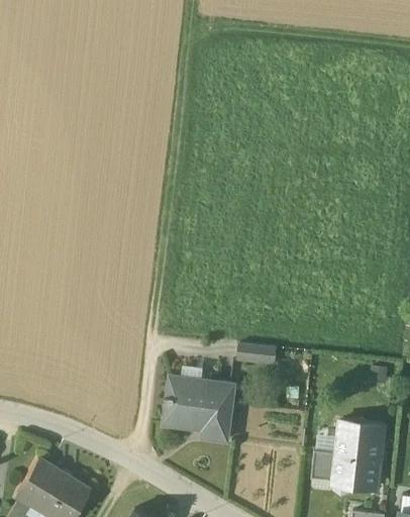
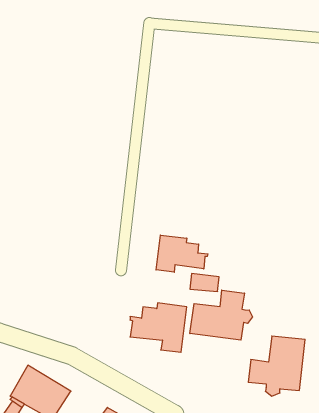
building: none -> [156,235,208,272]
building: none -> [190,290,253,340]

